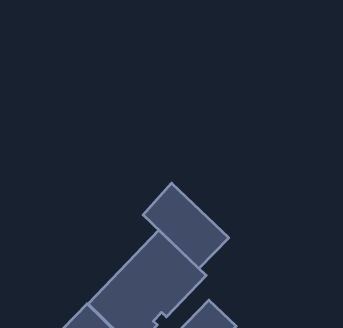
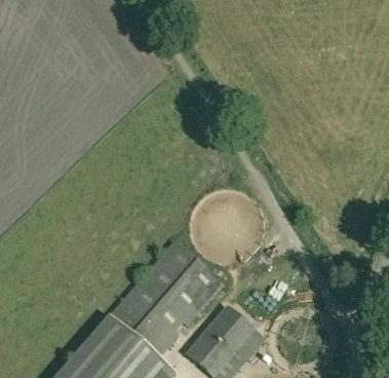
building: [143,183,229,268] -> none

